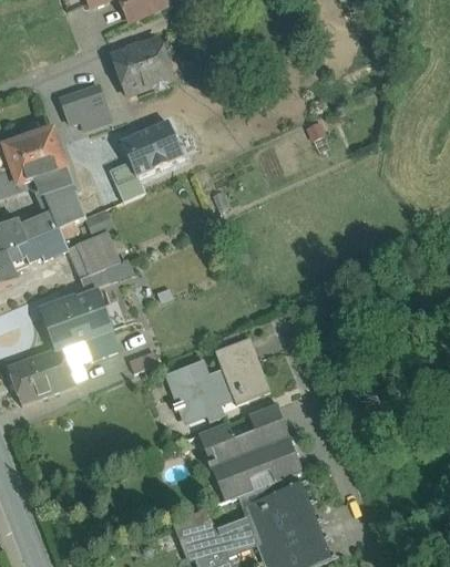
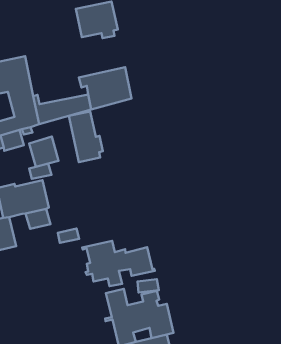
building: [60,84,106,123] -> none
building: none -> [69,111,103,162]
building: [215,341,253,373] -> none

